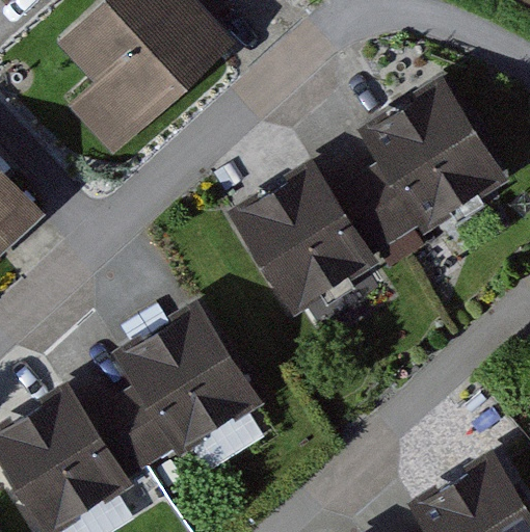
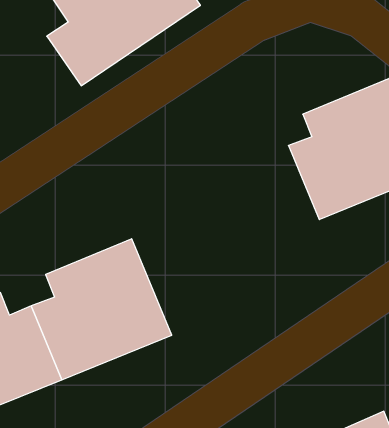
building: [231,167,399,318] -> none

